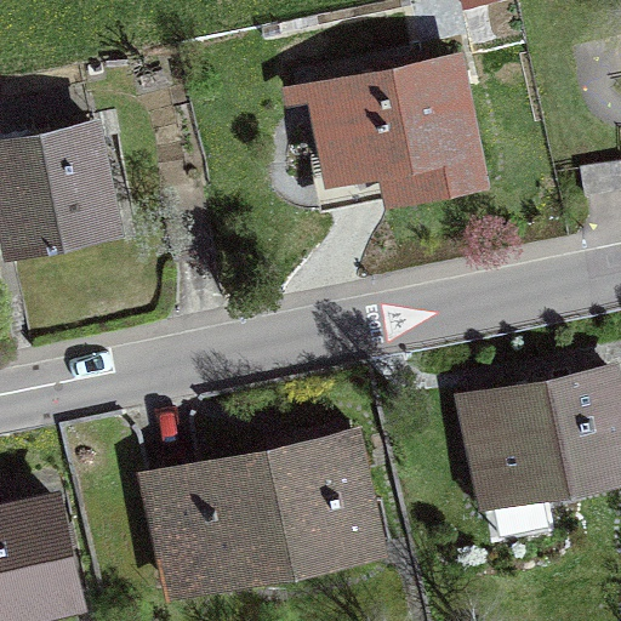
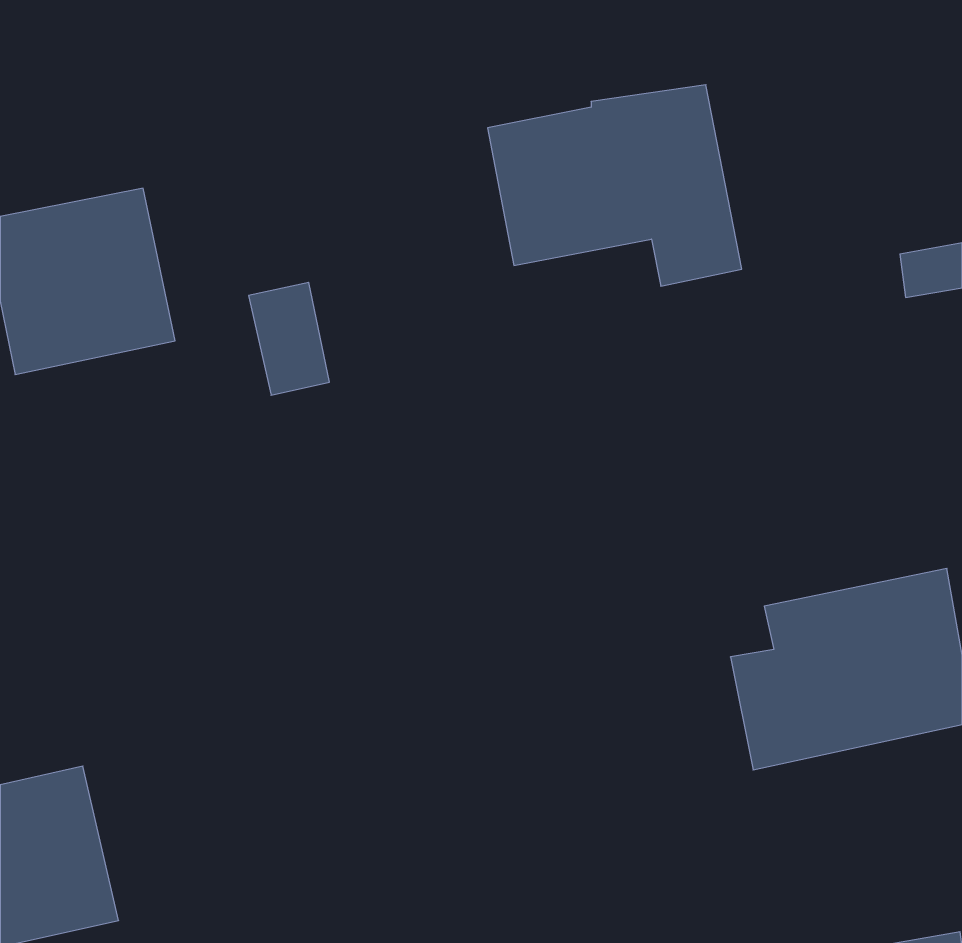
building: [152,429,374,585] -> none

